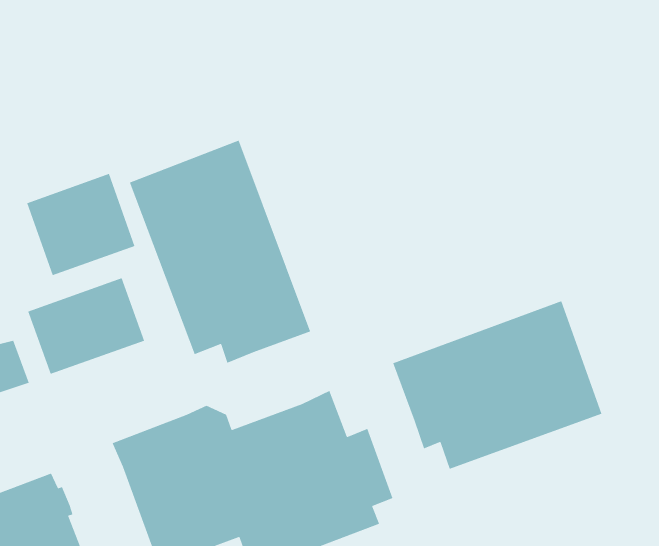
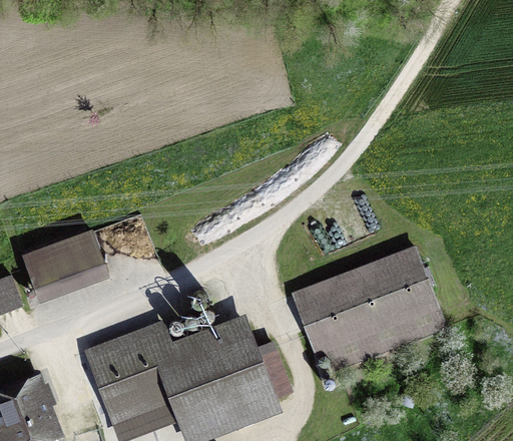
building: [129,140,311,364] -> none
building: [26,173,136,276] -> none

